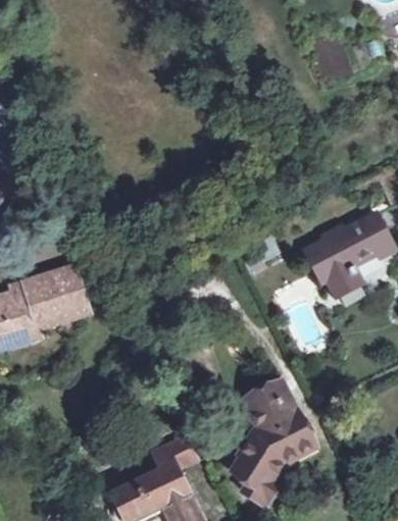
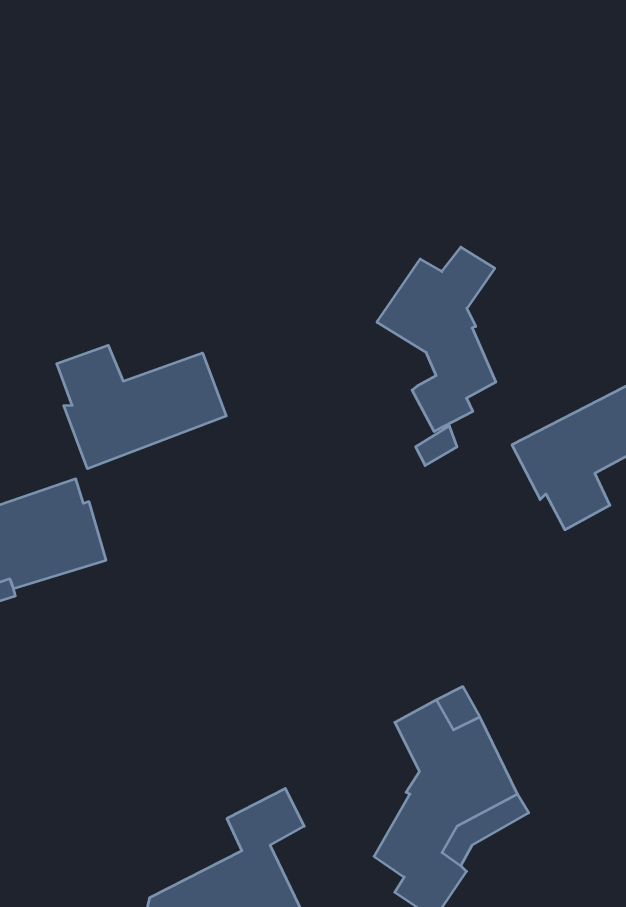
building: none -> [377,247,496,432]
building: none -> [57,345,226,469]

